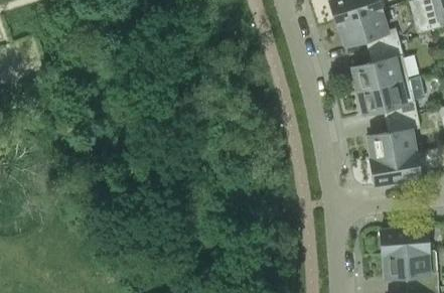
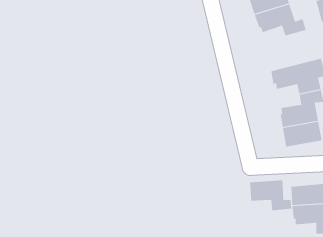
building: [352,42,408,92] -> none
building: none -> [250,180,292,211]

